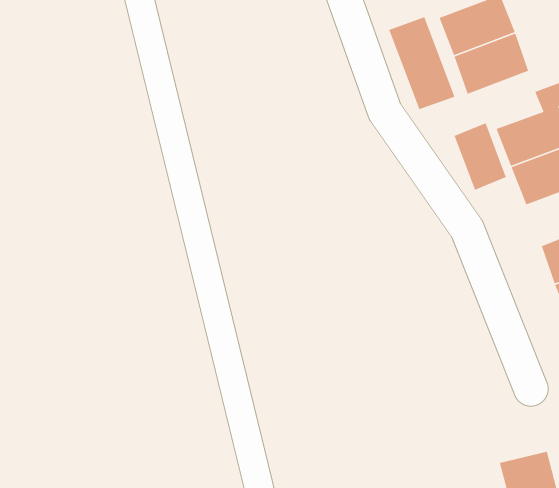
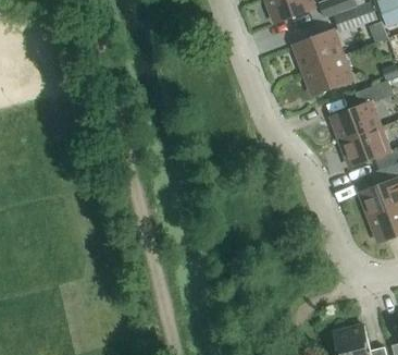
building: [388,16,455,110] -> none
building: [454,122,507,191] -> none

